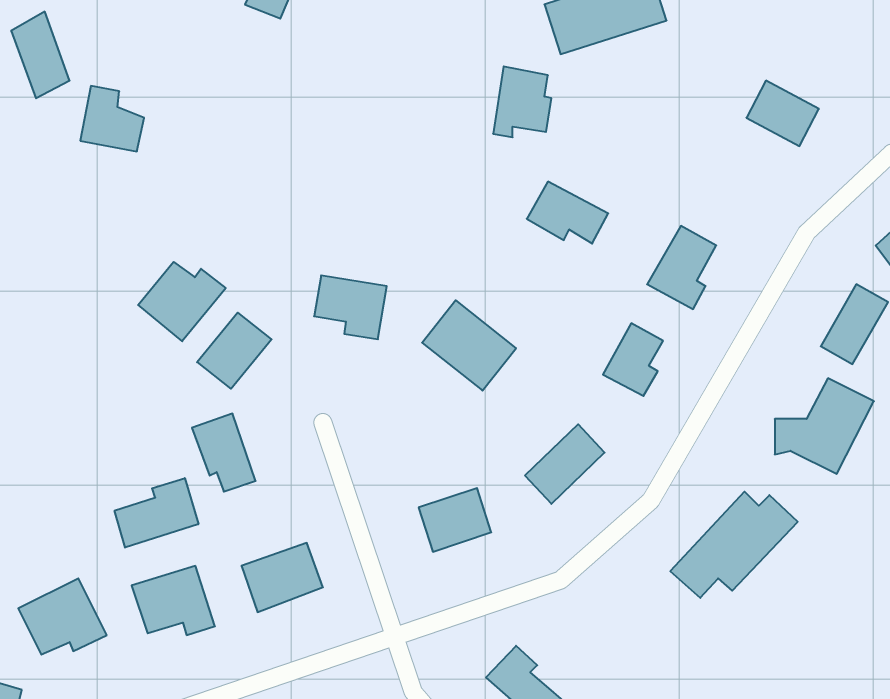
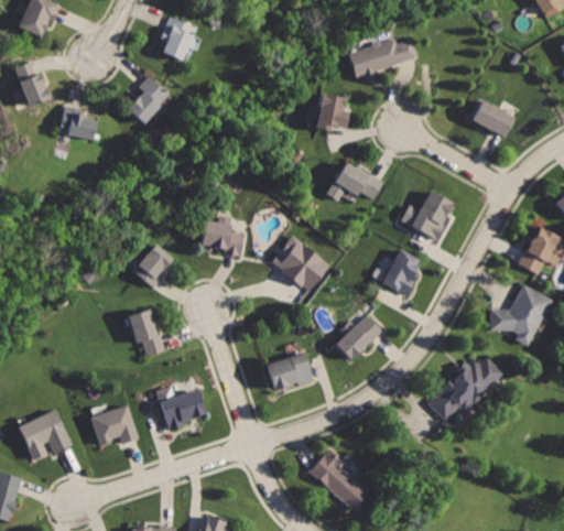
building: none -> [123,72,174,128]
building: [138,262,226,341] -> none
building: [115,478,198,548] -> none

